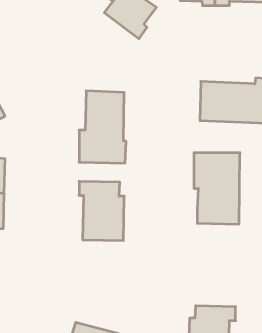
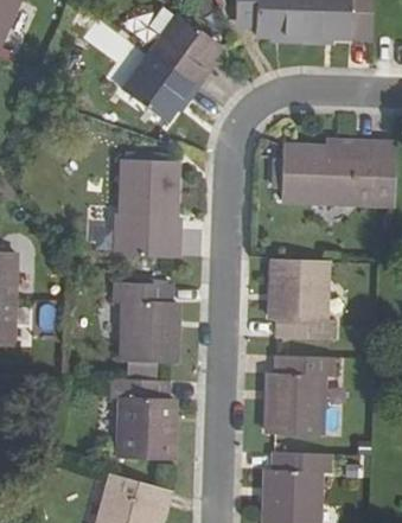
building: none -> [123,52,198,122]
building: none -> [268,356,333,435]
building: none -> [113,378,174,460]

